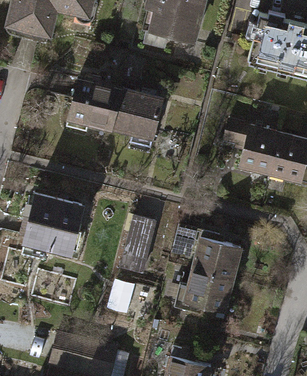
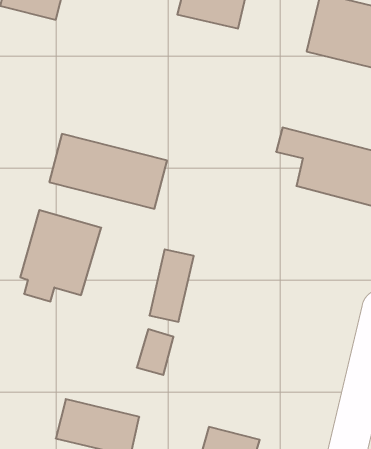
building: [68,79,161,138] -> [49,134,167,209]
building: [176,232,246,313] -> none

